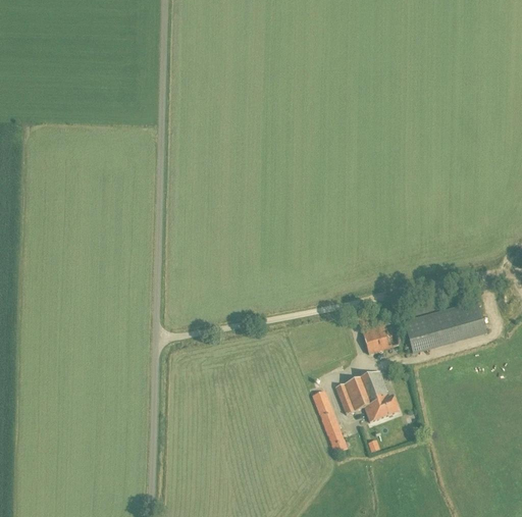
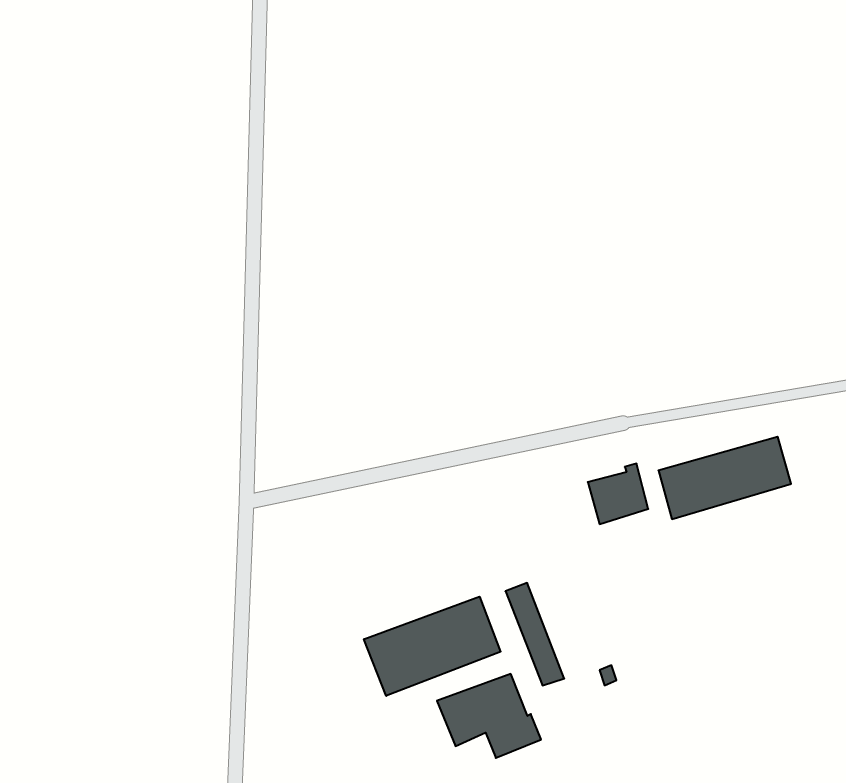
building: [335,371,399,422] -> [437,674,541,758]
building: none -> [364,597,501,696]

